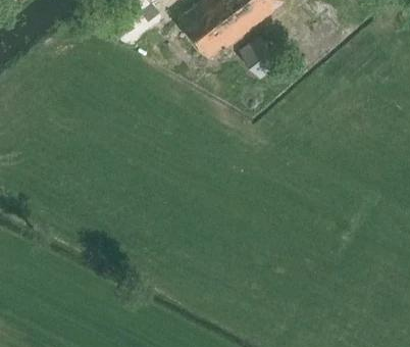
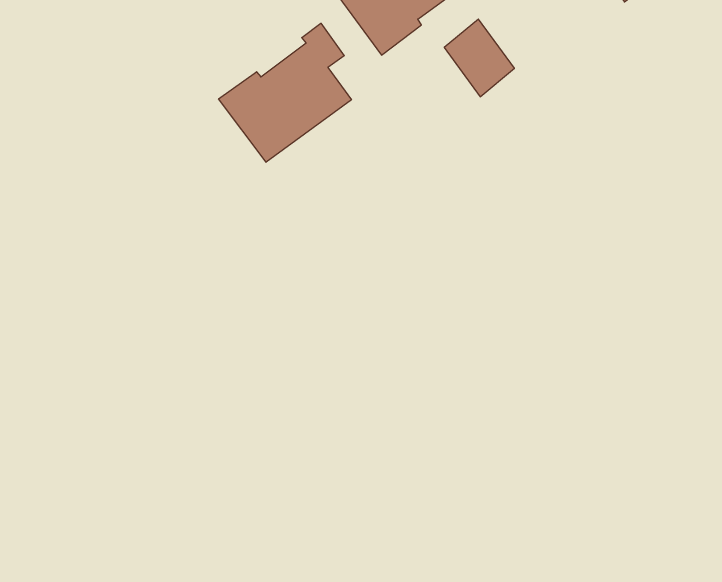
building: none -> [219,23,351,162]

